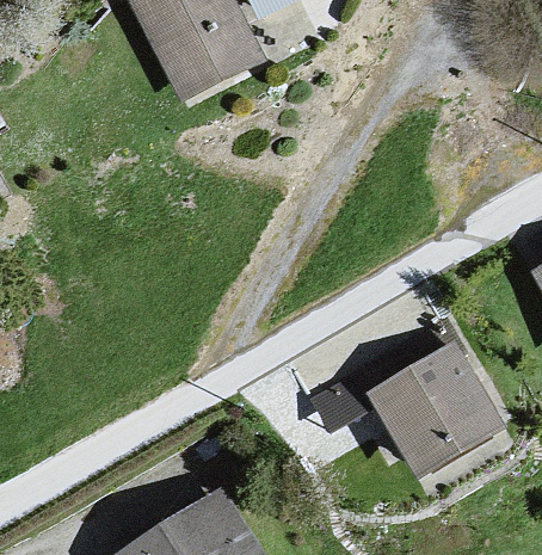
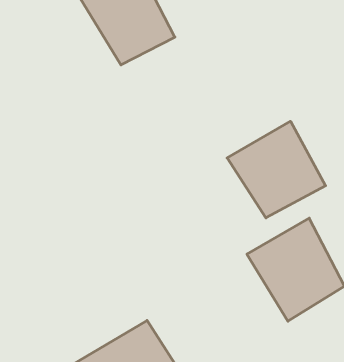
building: none -> [227,121,326,218]

